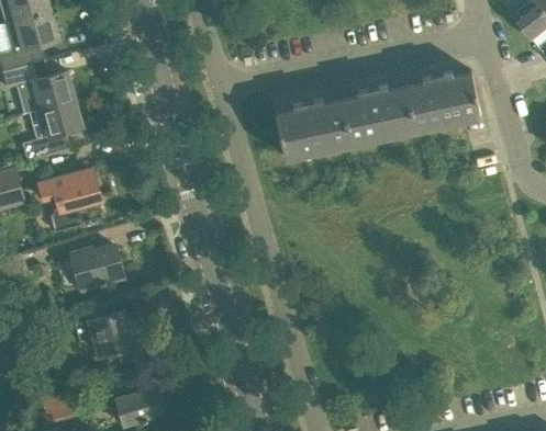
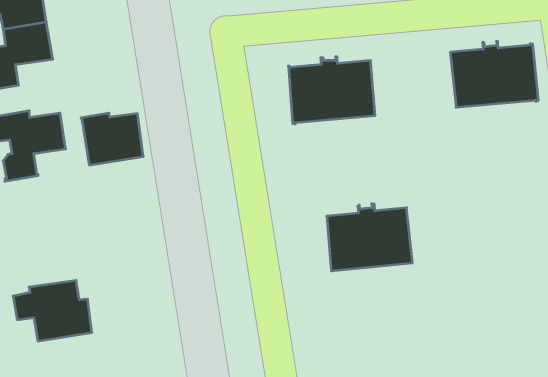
building: [341,88,414,146] -> [327,204,412,271]
building: [69,245,123,291] -> [81,113,143,165]

